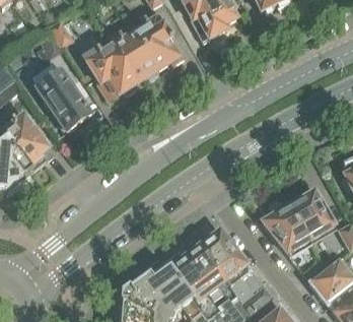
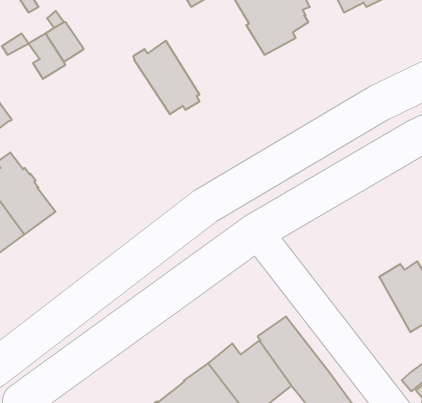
building: [133,12,185,70] -> none
building: [83,46,136,101] -> none
building: [32,62,91,132] -> none
building: [262,201,308,253] -> none

